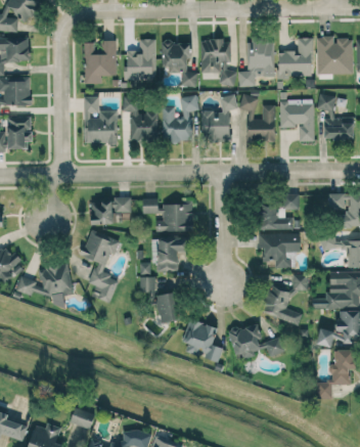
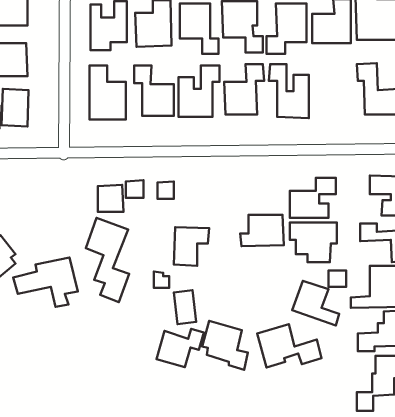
building: [279,99,314,141] -> none
building: [155,204,193,231] -> [240,215,284,246]
building: none -> [157,329,204,367]

